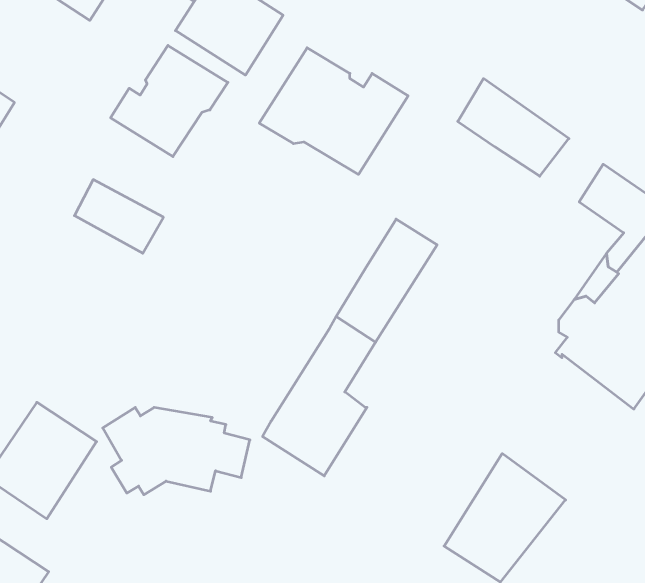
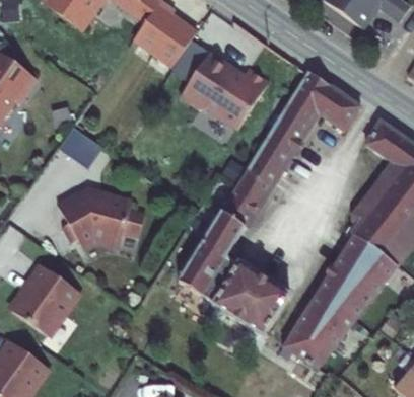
building: [111,45,228,157] -> none
building: none -> [256,96,315,169]
building: none -> [319,234,397,320]
building: none -> [213,262,290,337]
building: [103,407,250,495] -> [60,191,147,243]

